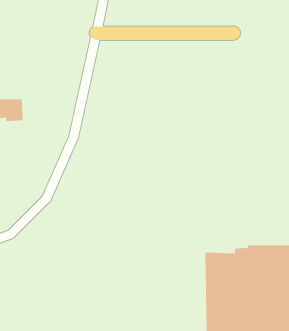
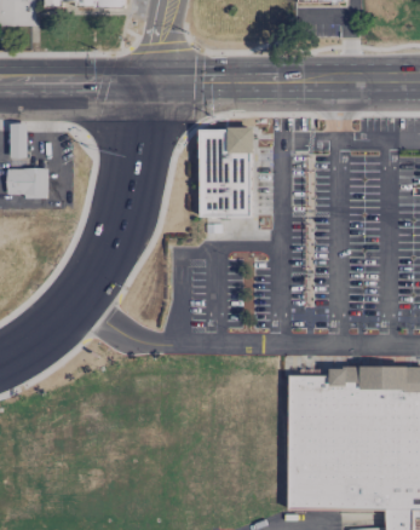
building: none -> [200,126,255,217]

